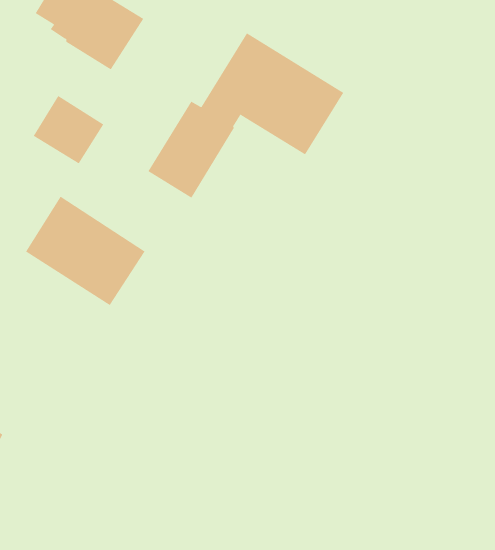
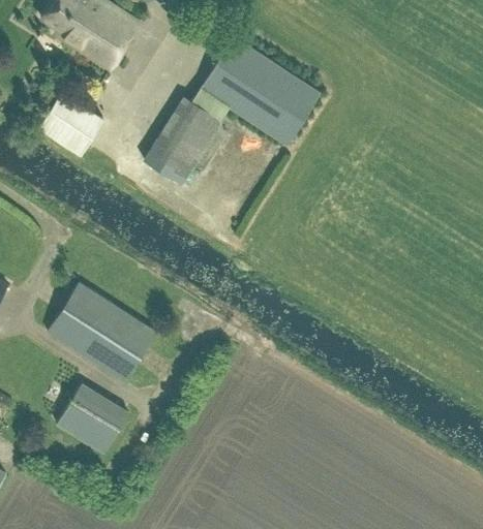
building: [25,196,145,306] -> [48,283,157,383]
building: none -> [56,383,129,454]

